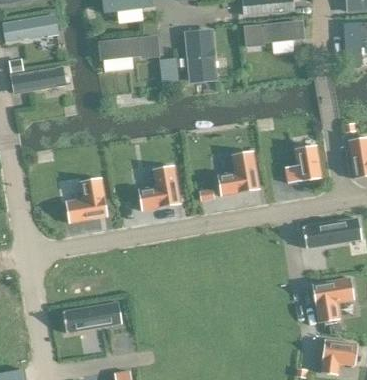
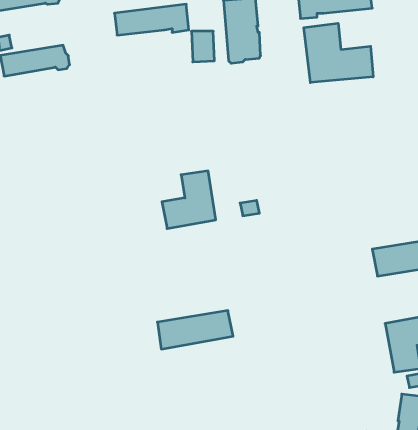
building: none -> [304,23,373,83]
building: [285,144,321,182] -> none
building: [217,150,259,195] -> none
building: [66,177,108,222] -> none
building: [63,302,122,332] -> [157,311,233,349]

